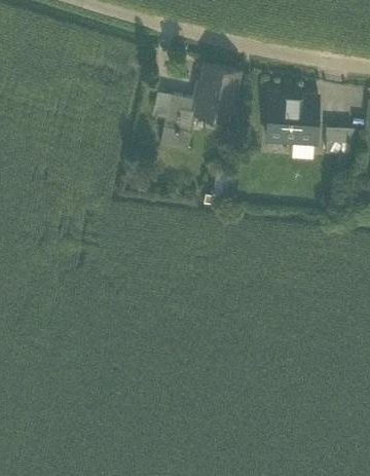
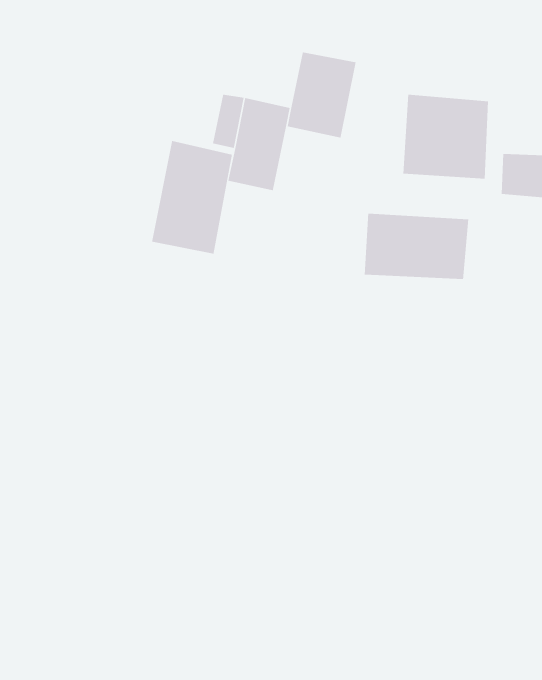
building: none -> [152,140,233,255]
building: none -> [364,213,469,280]

